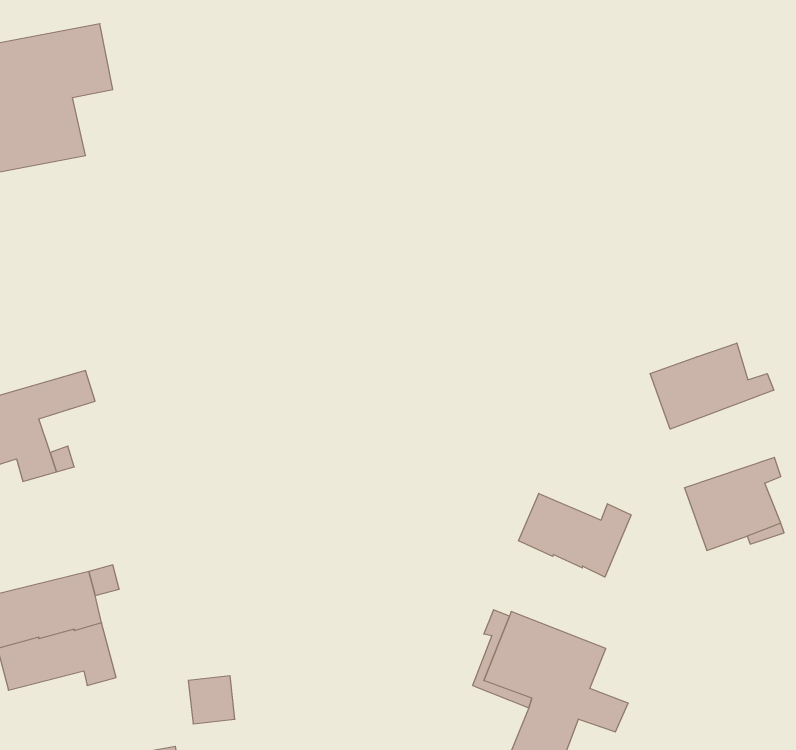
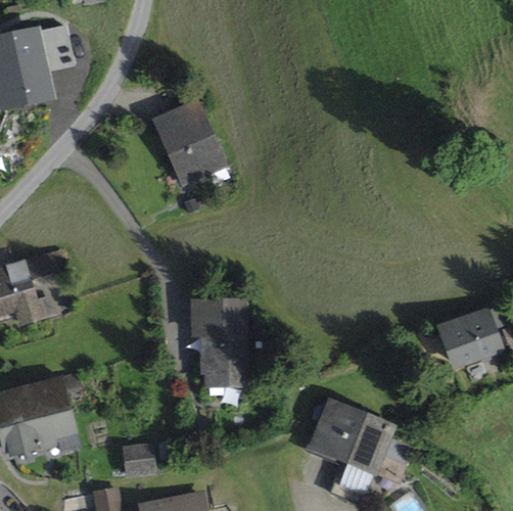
building: none -> [153,102,223,182]
building: [650,343,774,429] -> none
building: none -> [192,301,243,384]
building: [519,493,631,577] -> none

